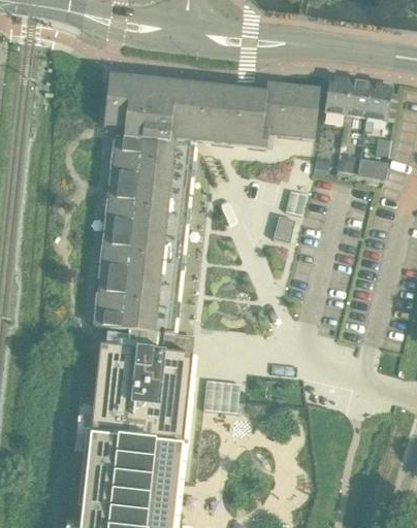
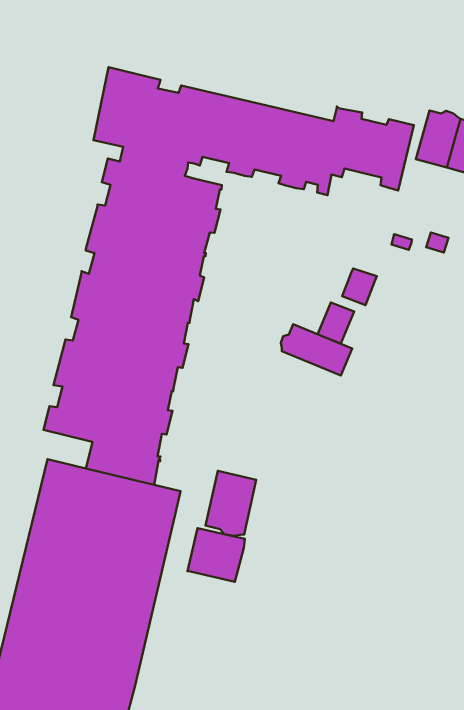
building: none -> [281,324,352,375]
building: none -> [206,471,256,536]

